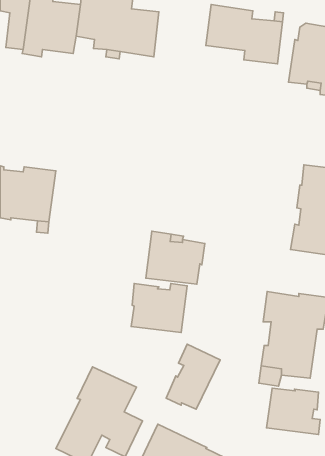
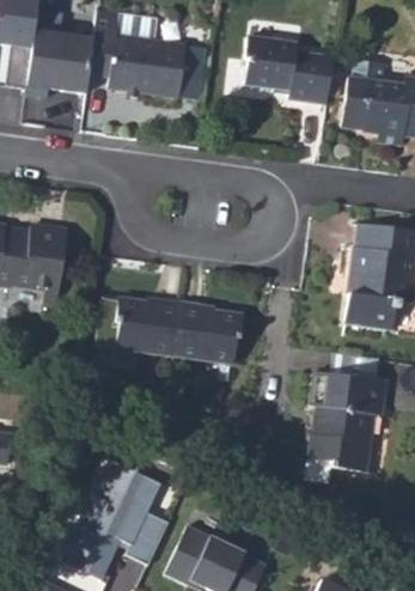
building: [131,284,187,333] -> [114,299,179,357]
building: [166,344,220,409] -> none
building: [266,388,320,435] -> none

